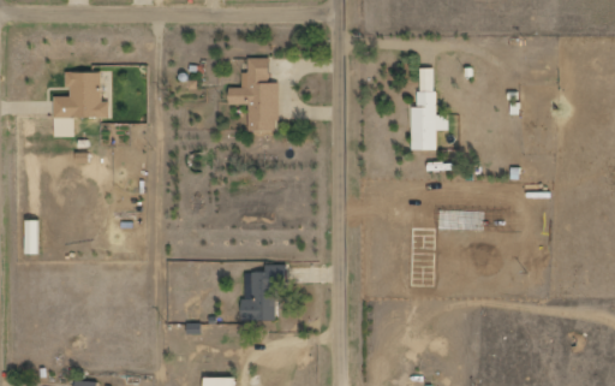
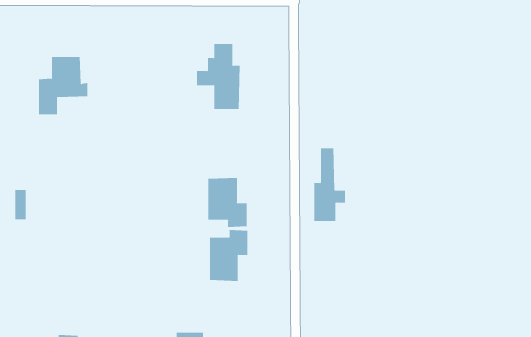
building: [411,67,447,149] -> [314,148,346,221]
building: none -> [208,177,247,228]

